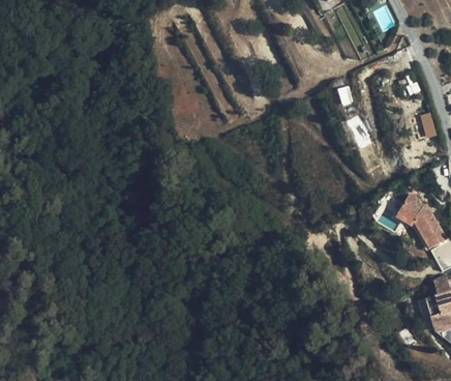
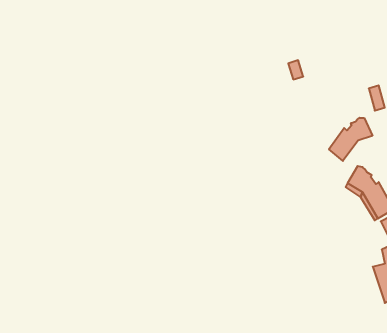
building: none -> [329,118,372,161]

